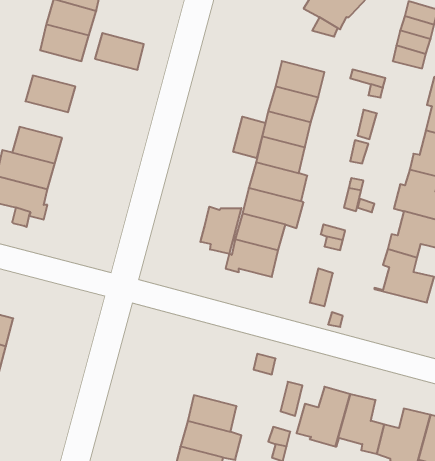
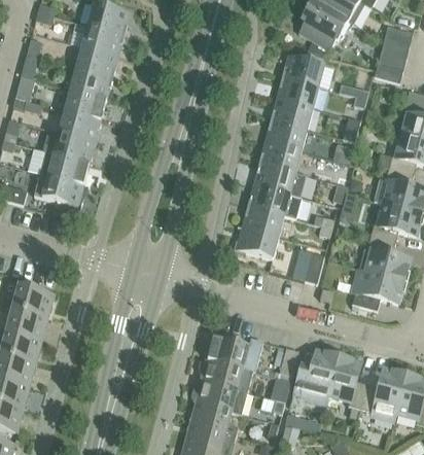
building: [95,33,144,70] -> [70,67,111,98]
building: none -> [280,54,322,85]
building: none -> [59,110,100,141]
building: [233,117,265,158] -> none
building: [200,207,241,254] -> none
building: none -> [351,269,402,310]
building: none -> [206,336,262,371]

